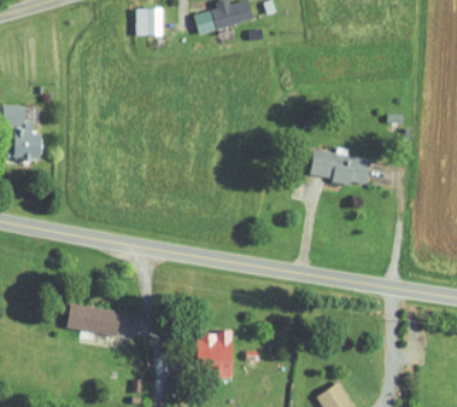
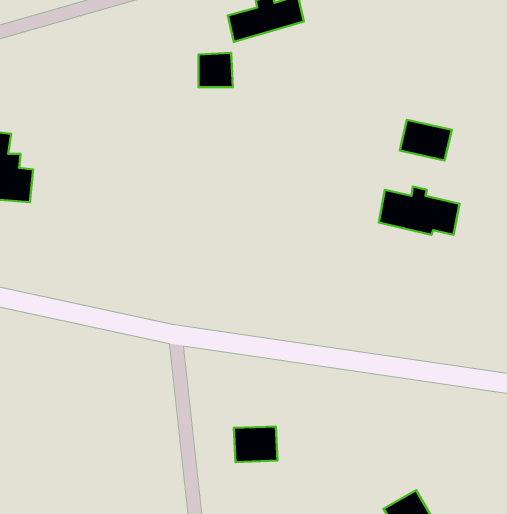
building: [136,8,163,35] -> [199,53,233,87]
building: none -> [400,120,452,160]
building: [66,304,121,335] -> none

